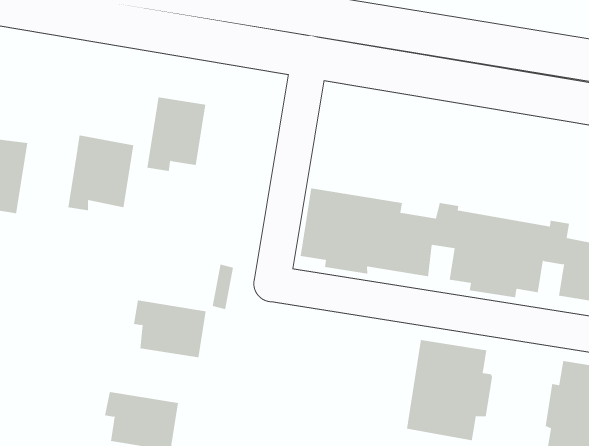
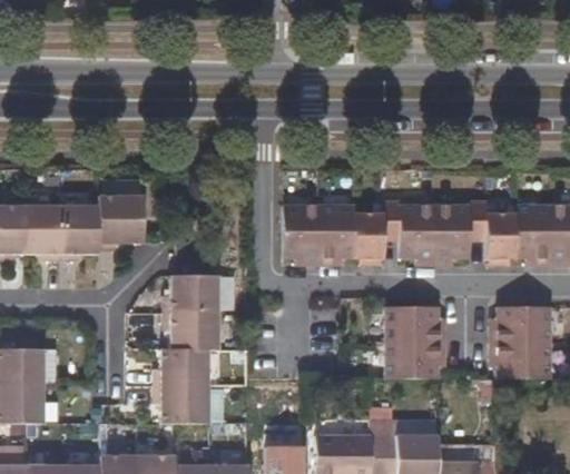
building: [147,97,206,171] -> [61,205,99,260]
building: none -> [164,275,218,312]
building: none -> [154,348,208,385]

